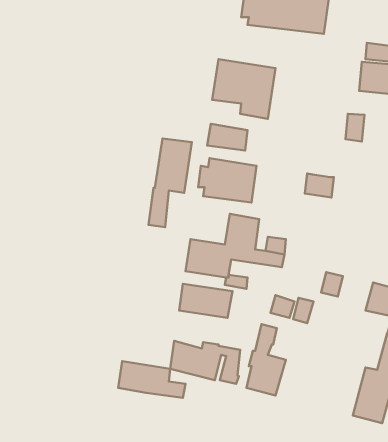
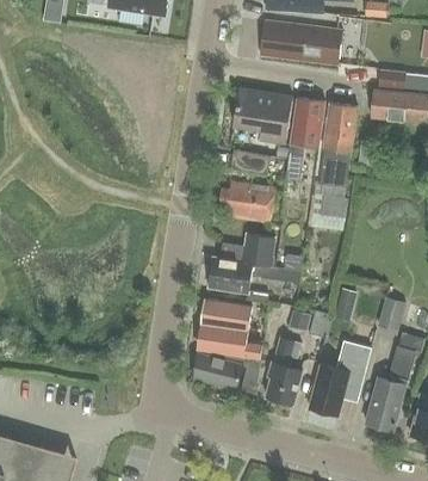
building: none -> [321,101,358,187]
building: [149,138,192,227] -> [285,97,325,180]
building: none -> [309,340,372,415]
building: [118,361,185,398] -> [199,323,262,358]

